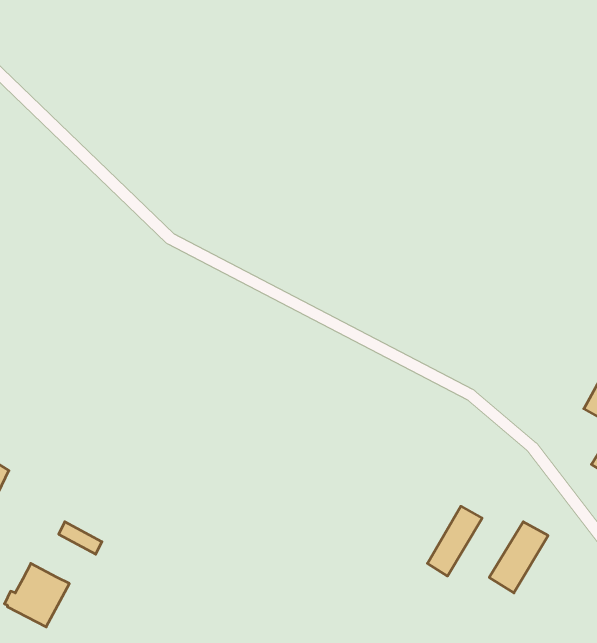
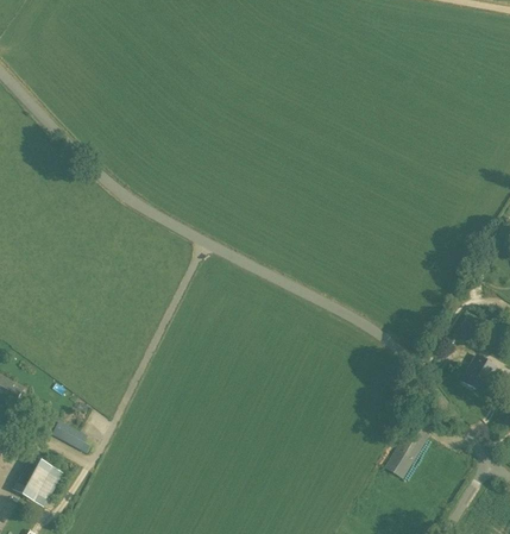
building: [427,506,482,576] -> none

